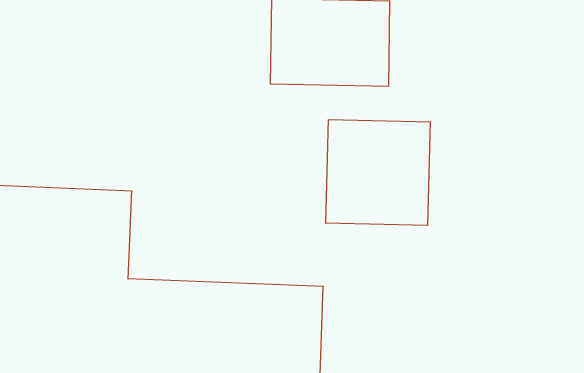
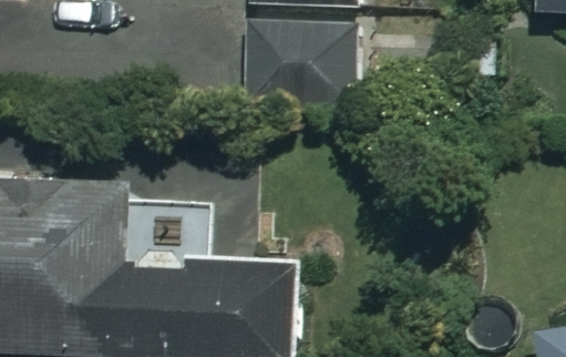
building: [326,120,430,225] -> none

